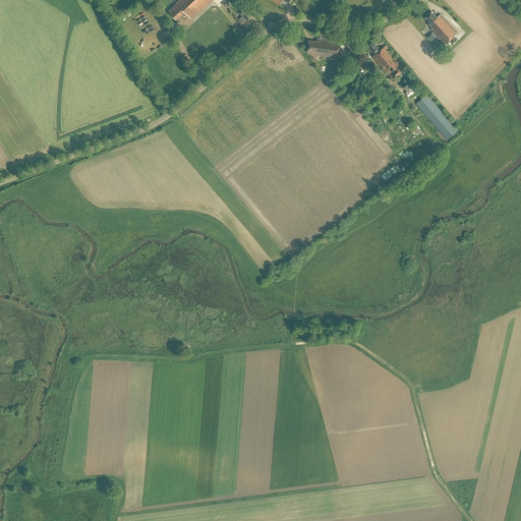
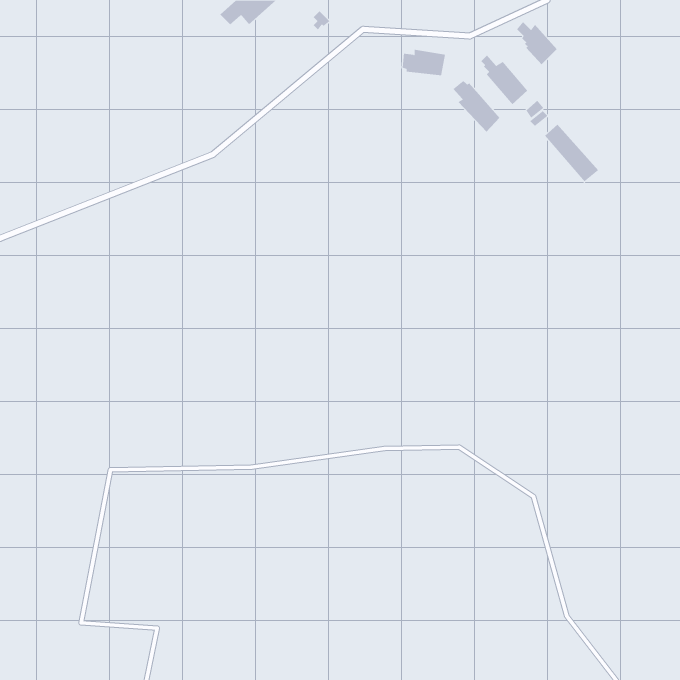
building: [425,12,457,46] -> [516,21,558,65]
building: none -> [453,80,500,133]

